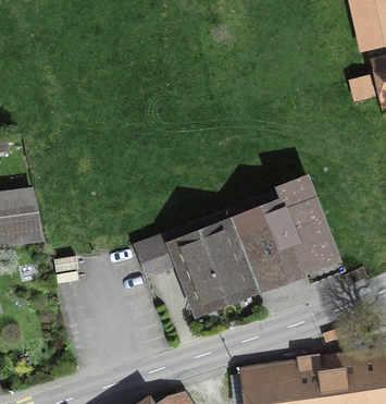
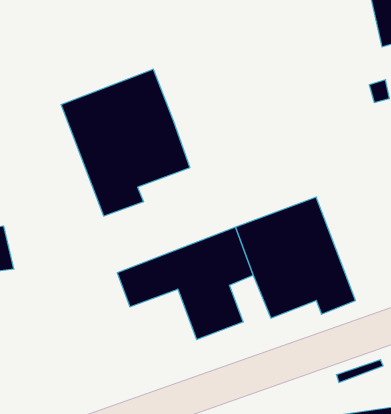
building: none -> [61,69,190,216]

